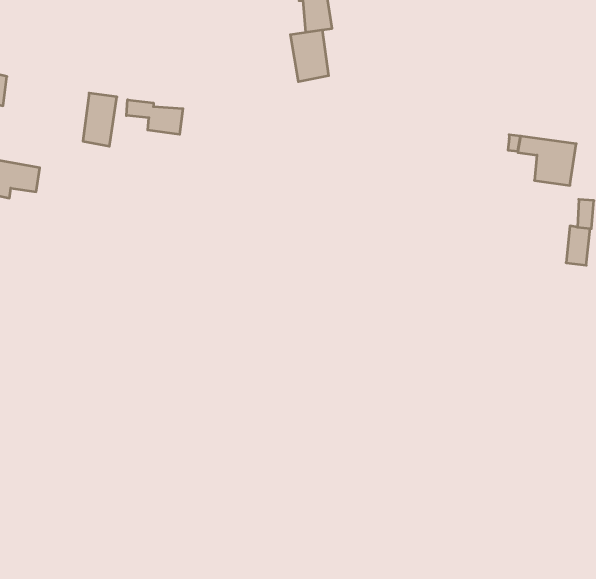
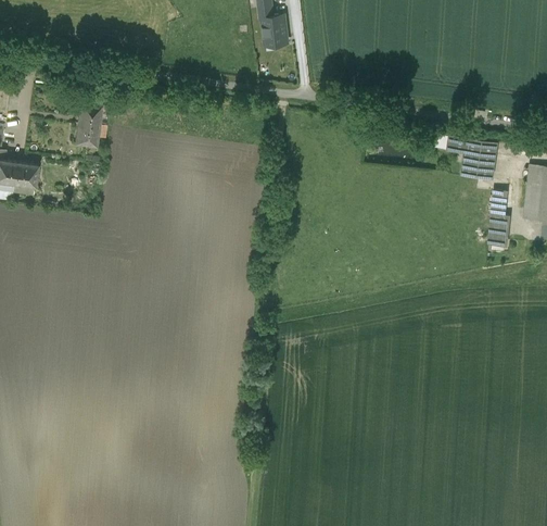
building: [290,30,329,82] -> none
building: [126,100,183,134] -> none

